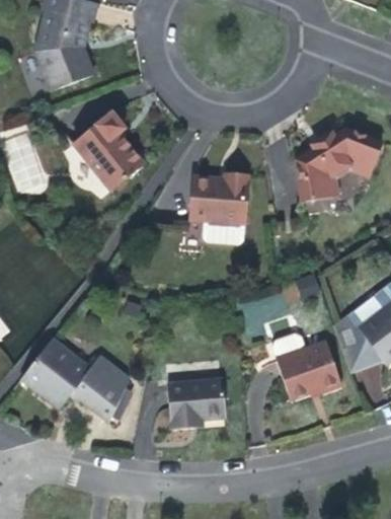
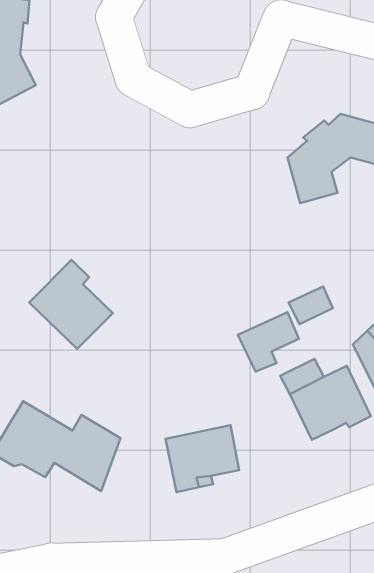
building: [74,113,143,188] -> [29,260,113,349]
building: [191,173,249,249] -> none

